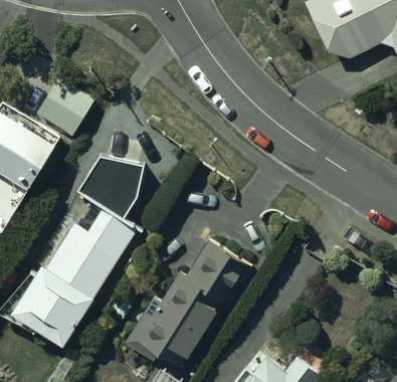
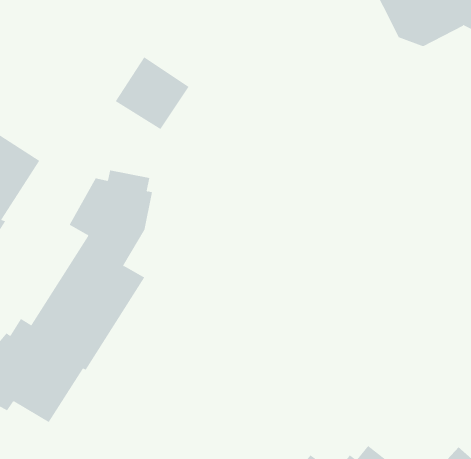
building: [37,78,94,135] -> [115,57,190,130]
building: [127,240,252,363] -> none

